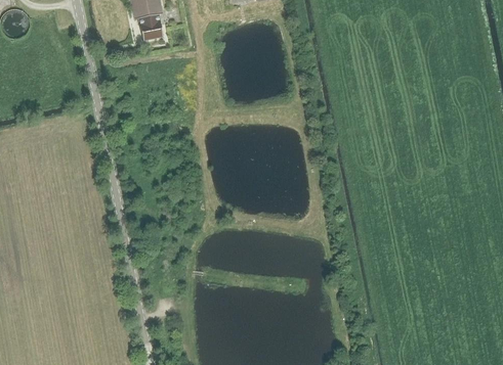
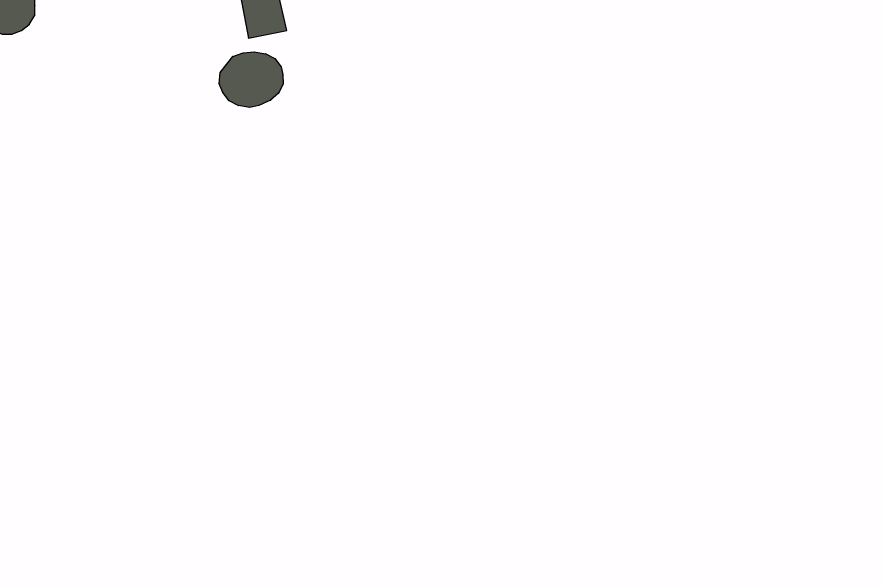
building: none -> [219,52,283,107]

